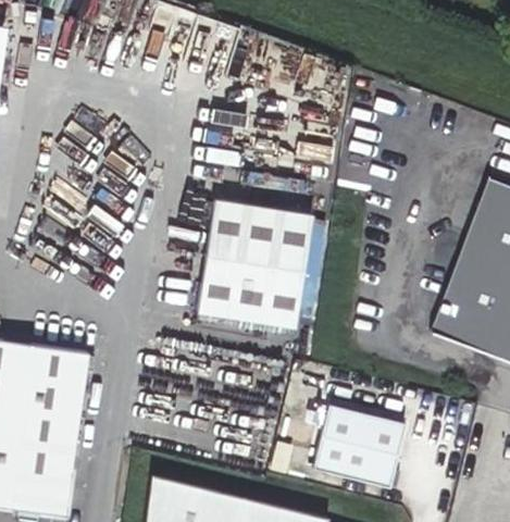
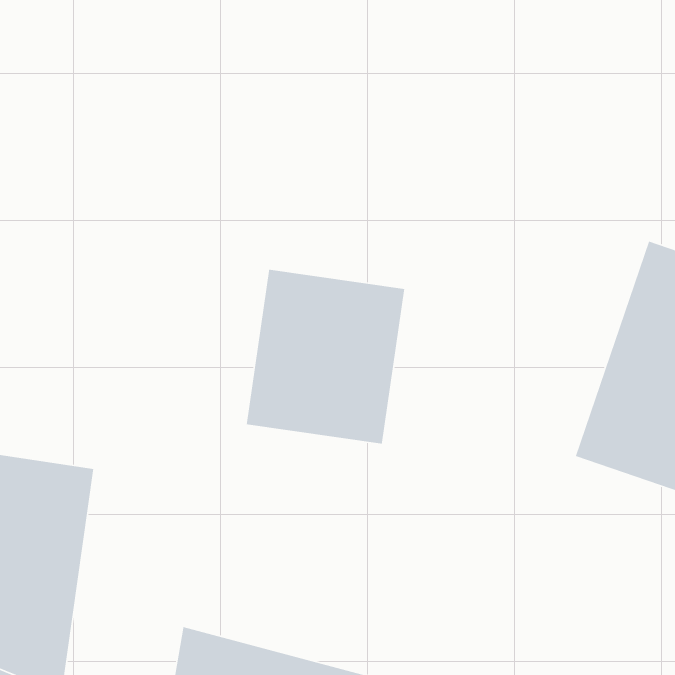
building: [312,408,406,490] -> none

